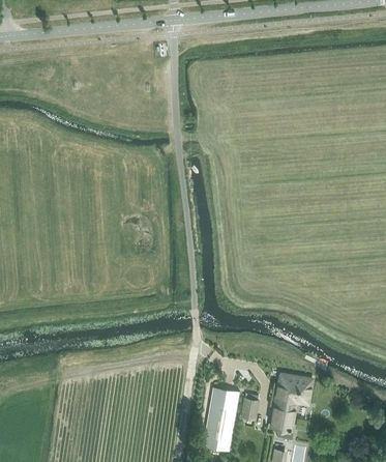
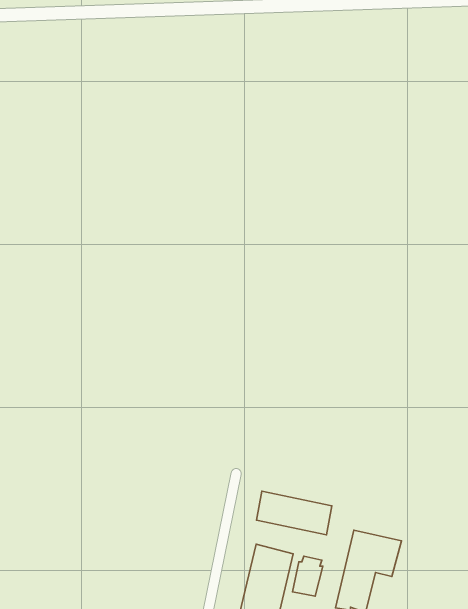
building: none -> [256,491,332,535]

